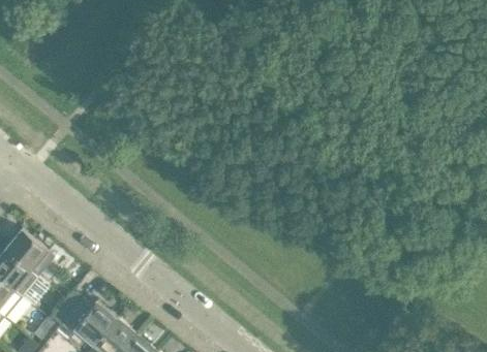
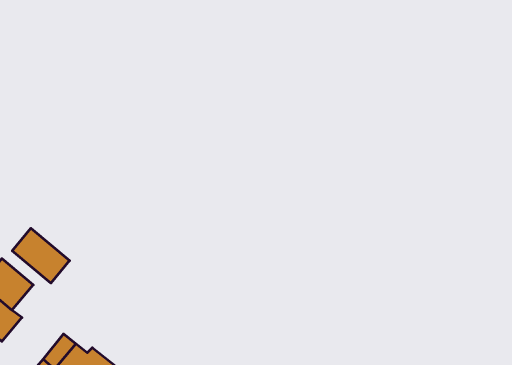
building: none -> [12,228,70,283]

